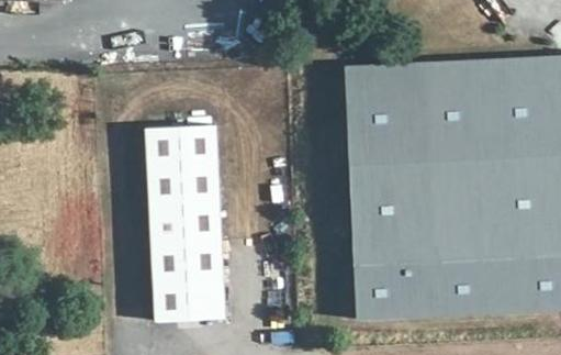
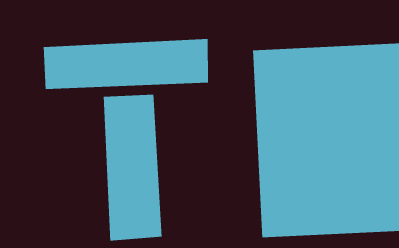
building: none -> [43,38,209,90]

